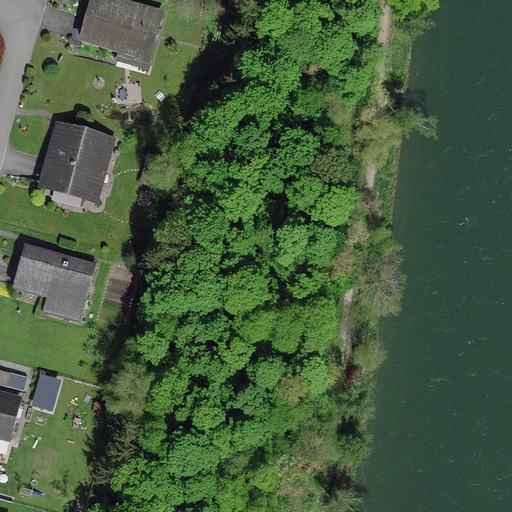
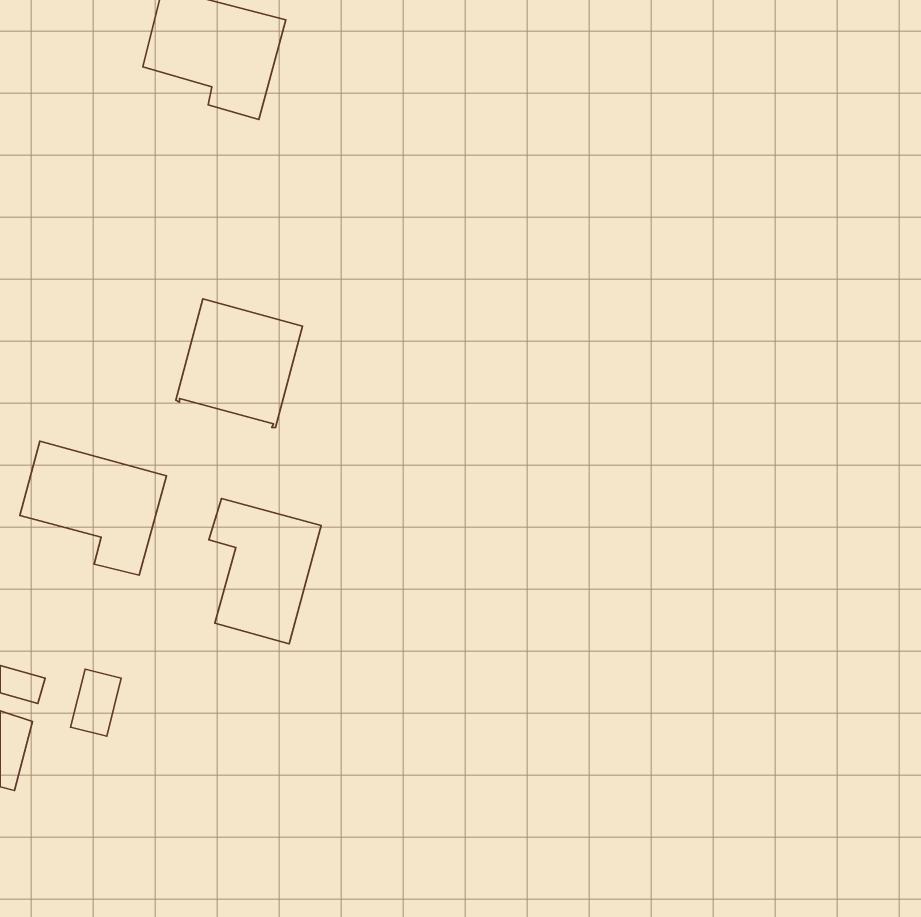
building: [41,125,111,196] -> [176,299,302,427]
building: none -> [209,498,321,644]

